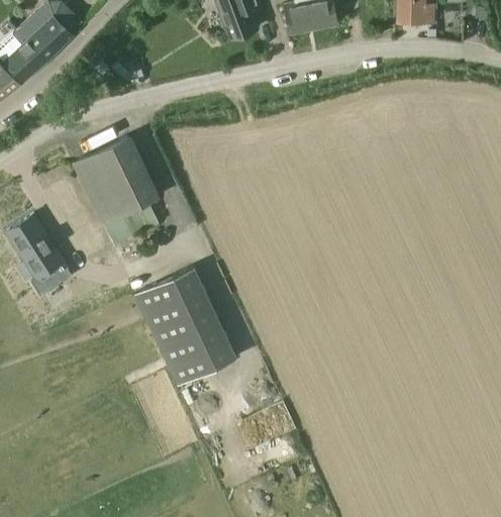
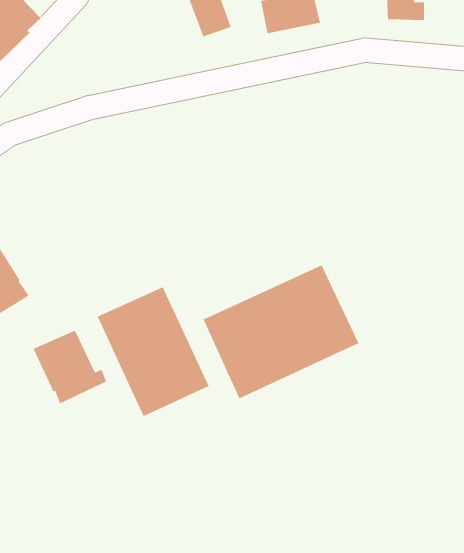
building: [71,134,160,245] -> none
building: none -> [203,265,359,399]
building: none -> [33,330,107,404]

